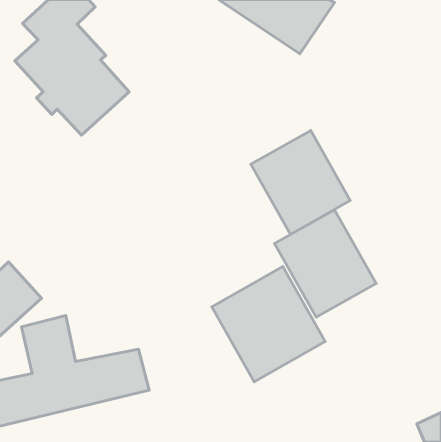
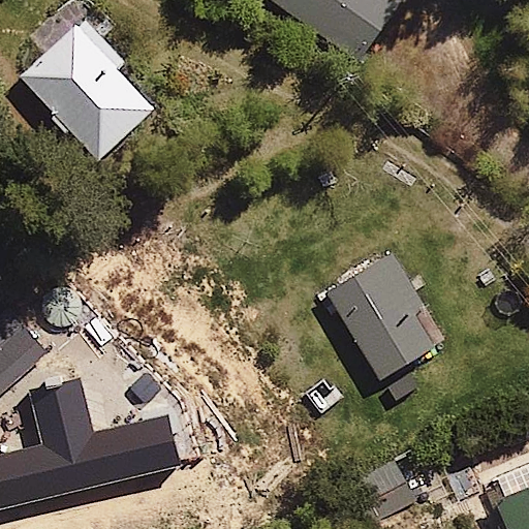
building: [251,130,350,234] -> none
building: [212,267,325,382] -> none

